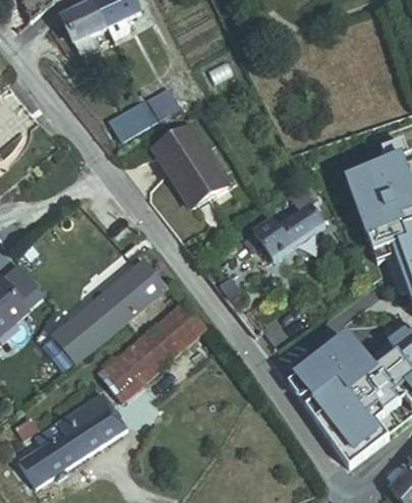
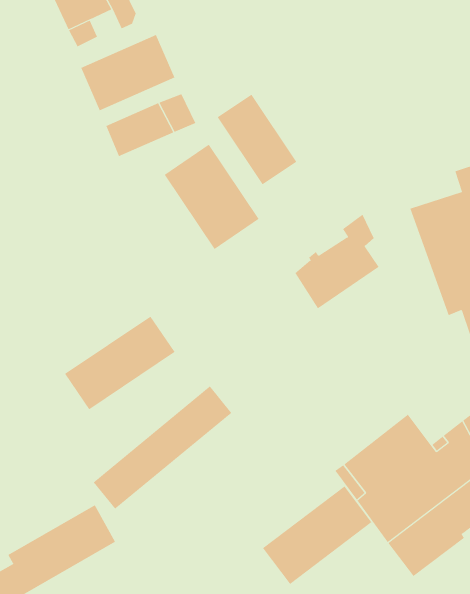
building: none -> [80,34,175,111]
building: none -> [217,94,297,185]
building: [46,304,95,352] -> none
building: none -> [262,485,372,585]

